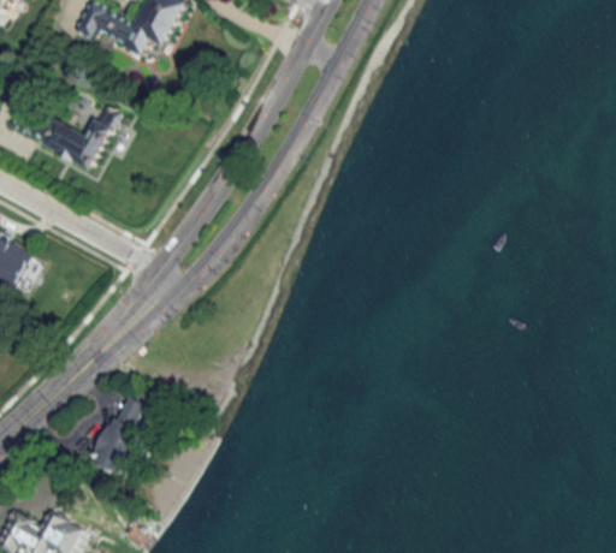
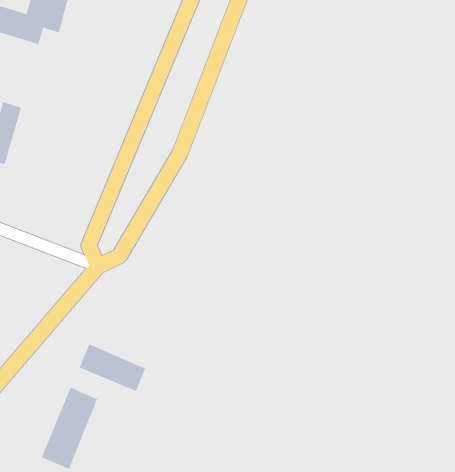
building: none -> [79,343,146,392]

